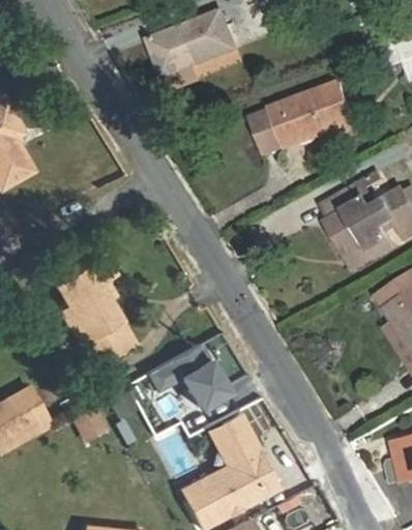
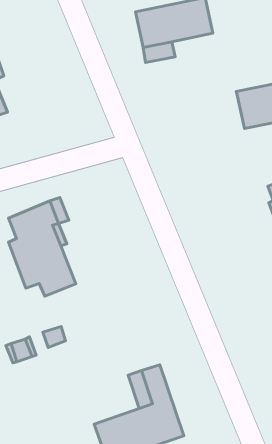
building: [252,108,288,153] -> none
building: [142,338,227,408] -> none

